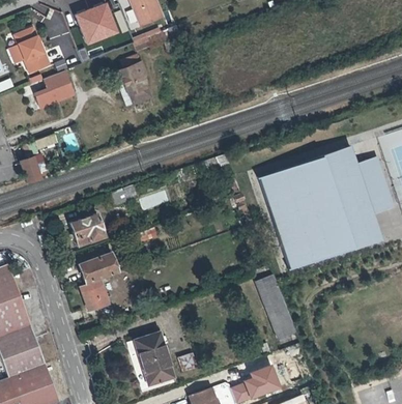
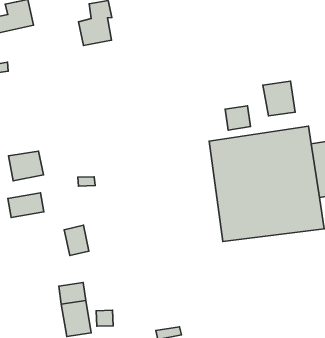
building: none -> [263,81,295,116]
building: none -> [225,106,251,130]
building: [254,276,294,340] -> none
building: [80,281,107,312] -> [64,225,89,256]

